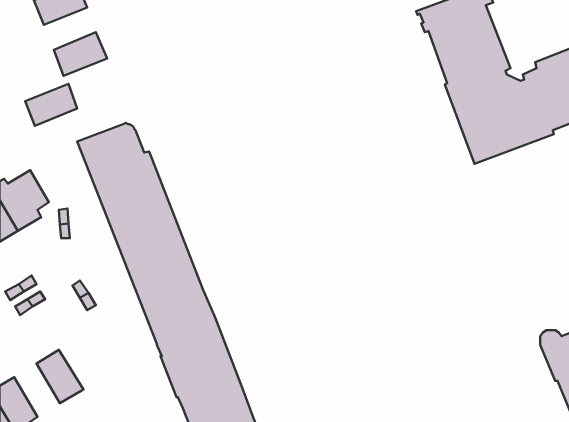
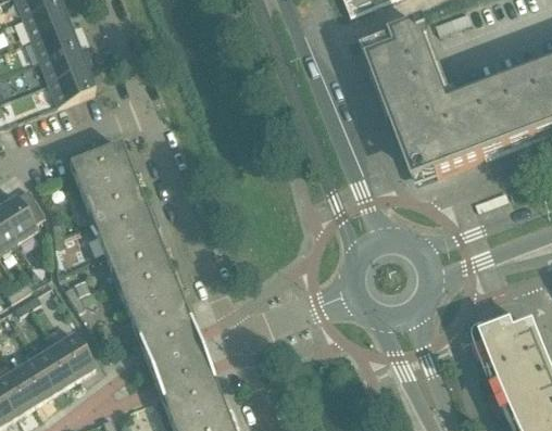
building: [25,84,77,126] -> [39,41,85,78]
building: none -> [52,328,95,376]
building: none -> [13,353,53,400]

